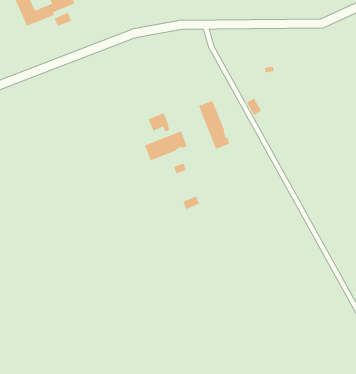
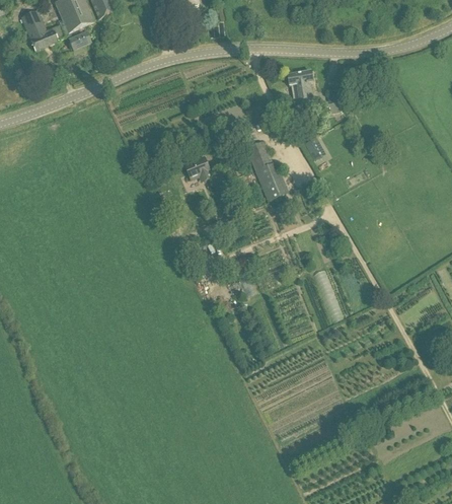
building: none -> [287,69,313,103]
building: [144,131,188,161] -> none

